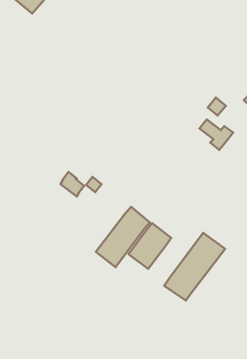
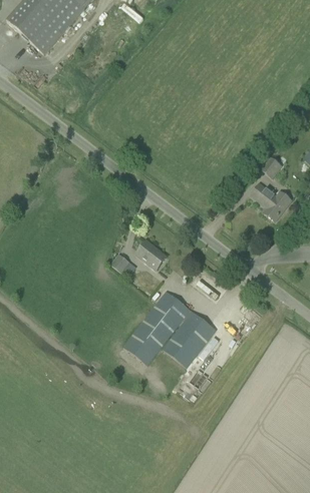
building: [60,172,84,196] -> [136,238,166,269]
building: [164,233,225,301] -> none

